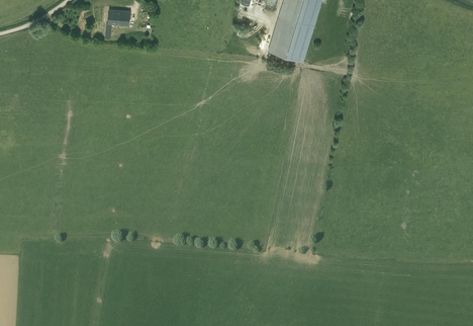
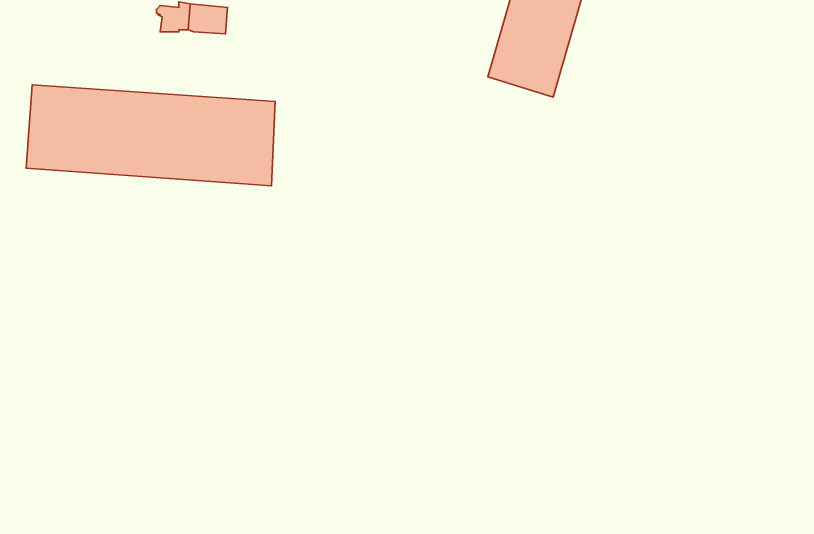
building: none -> [26,85,275,186]

